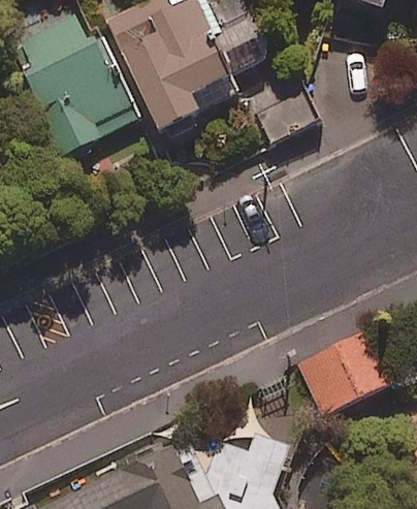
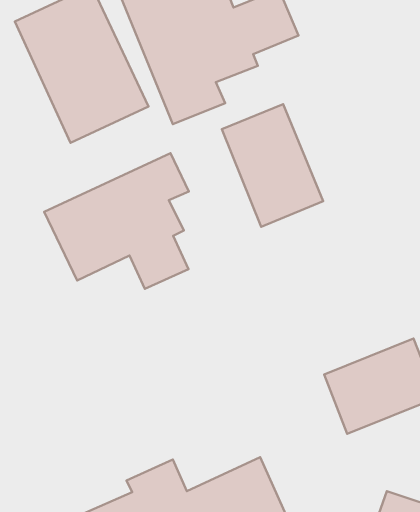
building: none -> [222,104,323,227]
building: none -> [44,153,189,289]

